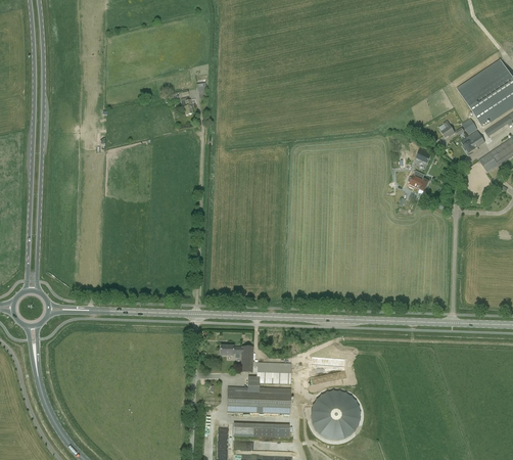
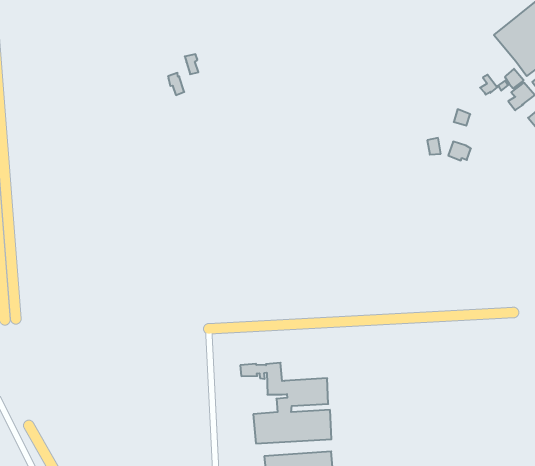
building: [316,388,363,436] -> none

